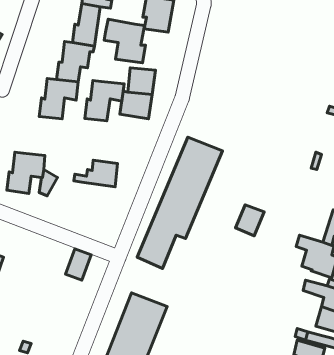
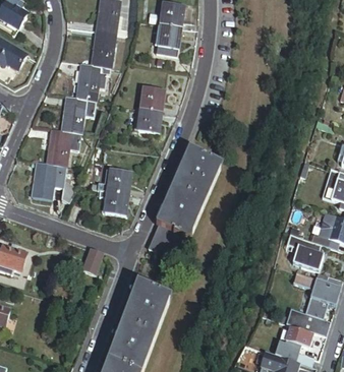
building: [104,19,145,63] -> none
building: [85,80,124,121] -> [45,128,79,164]
building: none -> [97,187,126,211]
building: [236,205,264,236] -> none

